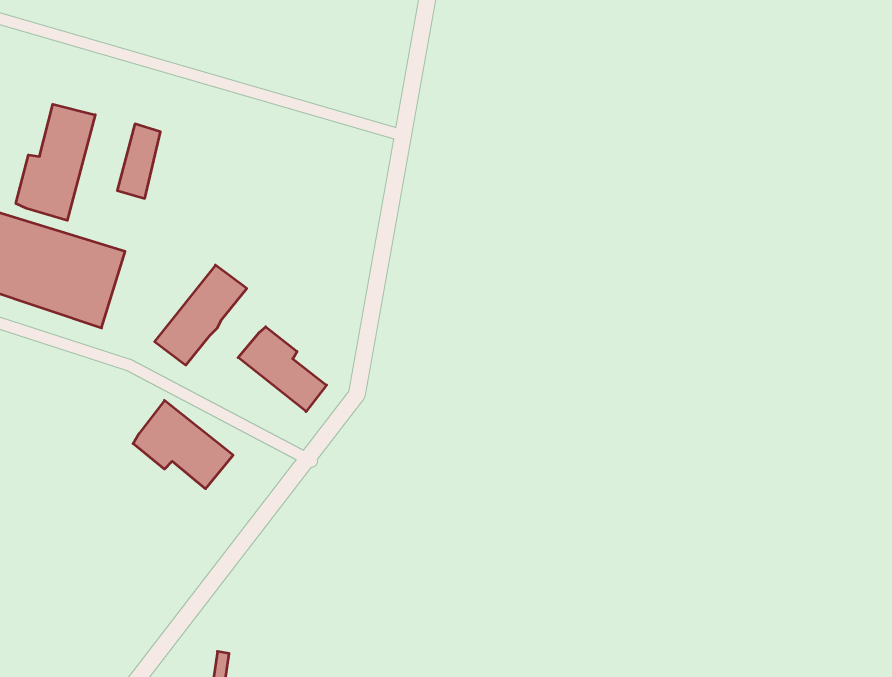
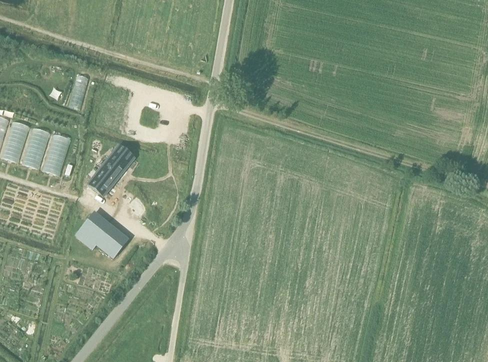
building: [16,104,95,220] -> none
building: [238,327,327,412] -> none

